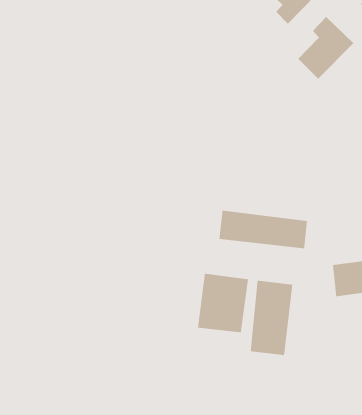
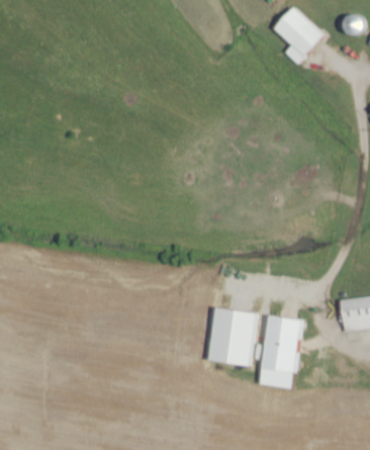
building: [297,16,354,79] -> none
building: [219,210,308,249] -> none

